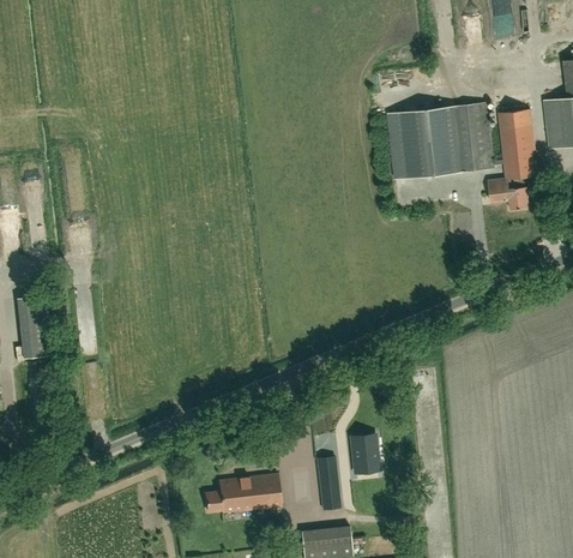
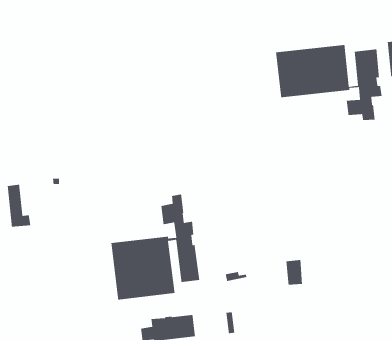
building: none -> [111,194,200,300]
building: [349,439,373,475] -> [285,259,303,285]

